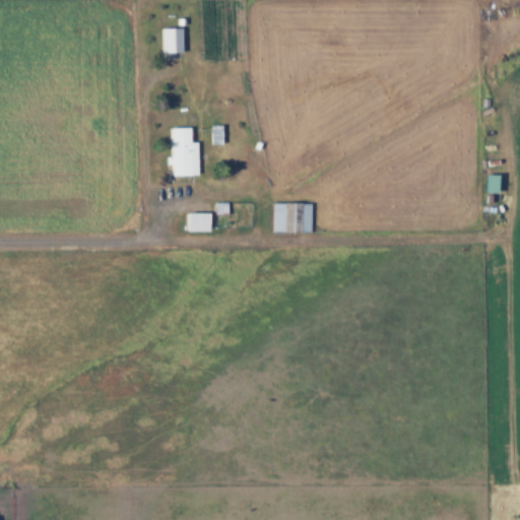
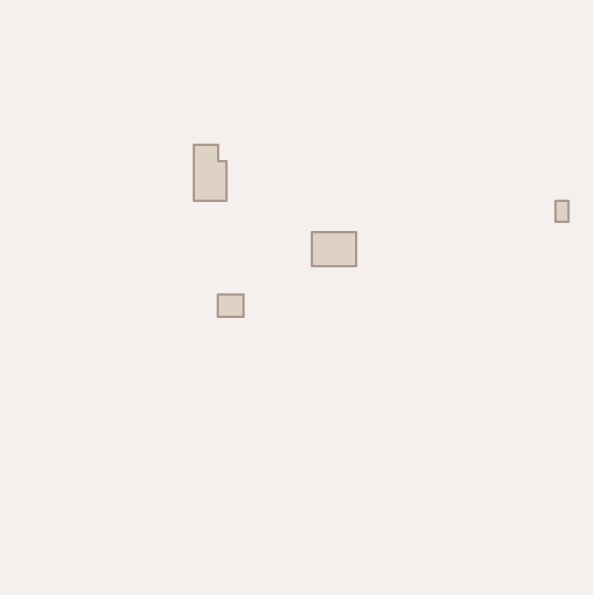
building: [164,27,184,57] -> none
building: [188,213,210,233] -> [218,295,243,317]

